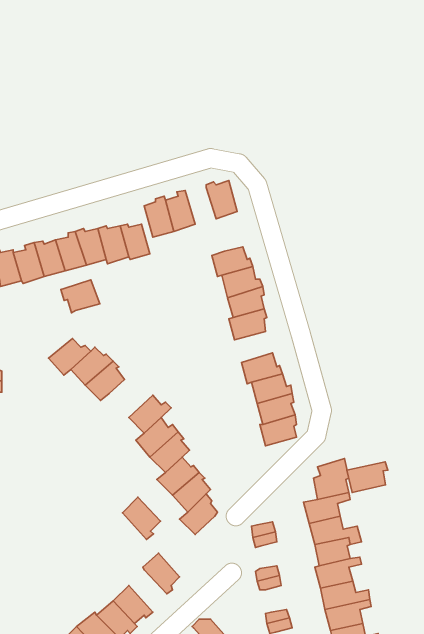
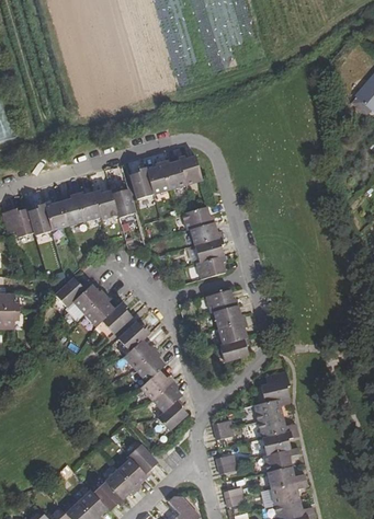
building: none -> [161,161,185,189]
building: [61,280,100,313] -> none
building: none -> [102,302,131,334]
building: [347,462,388,492] -> none
building: [122,497,161,540] -> [117,458,147,491]

